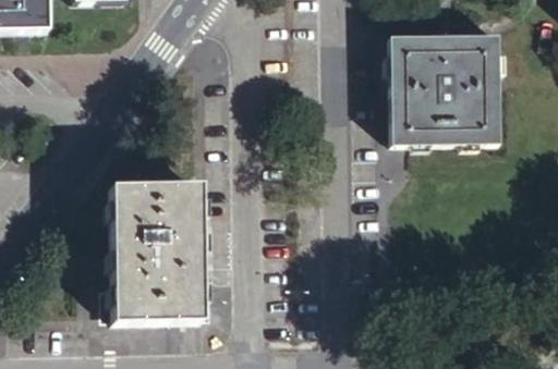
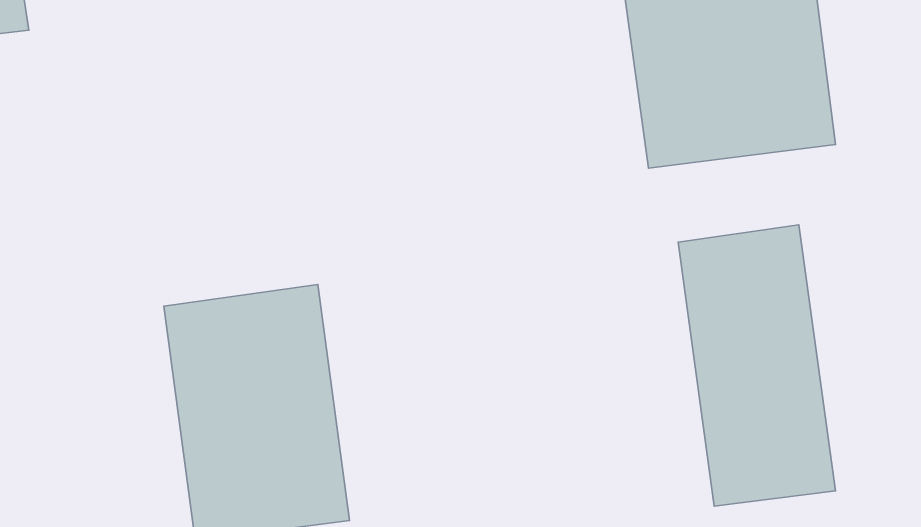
building: none -> [678,225,836,506]

